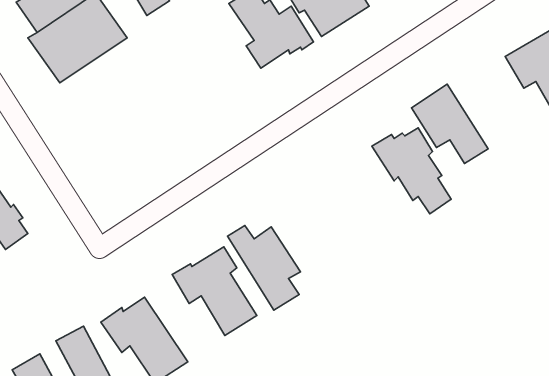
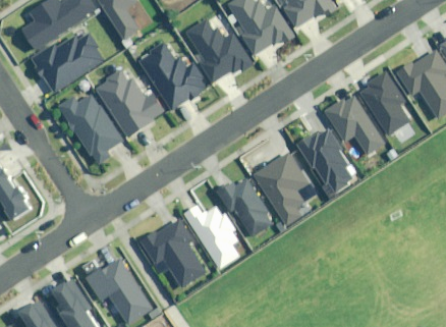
building: none -> [140,42,206,109]
building: none -> [360,67,414,138]
building: none -> [96,70,167,140]
building: none -> [59,95,124,164]
building: none -> [255,153,308,225]
building: none -> [219,179,274,235]

